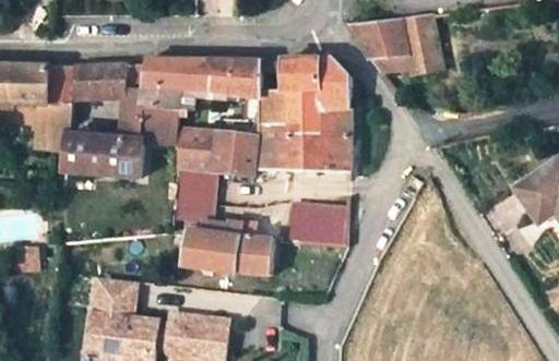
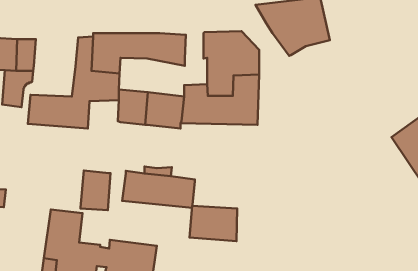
building: [74,63,129,99] -> none
building: [260,88,288,122] -> none
building: [177,168,214,217] -> [80,170,110,210]
building: [290,203,349,246] -> [190,206,237,241]

